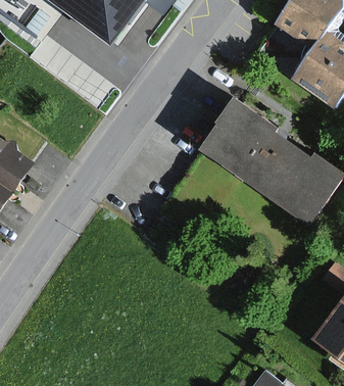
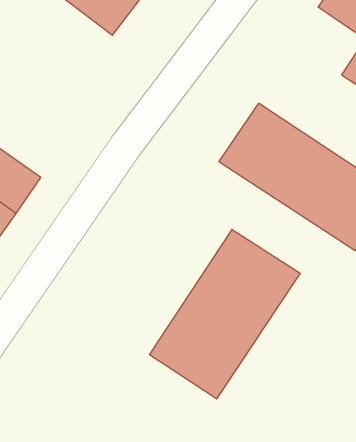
building: none -> [150,229,300,399]

